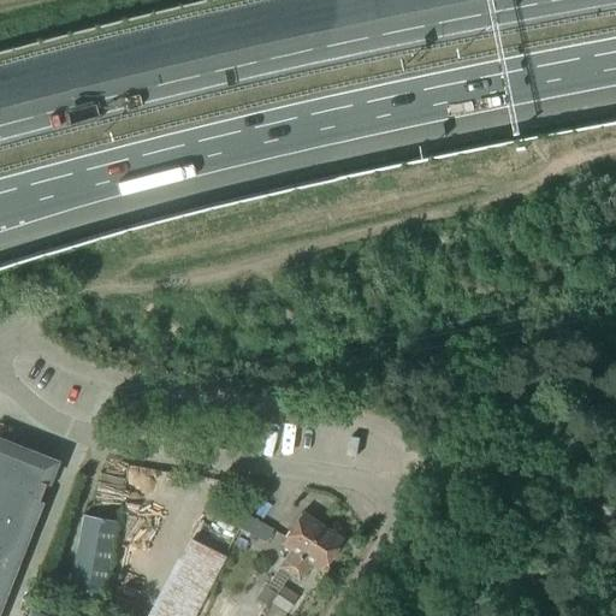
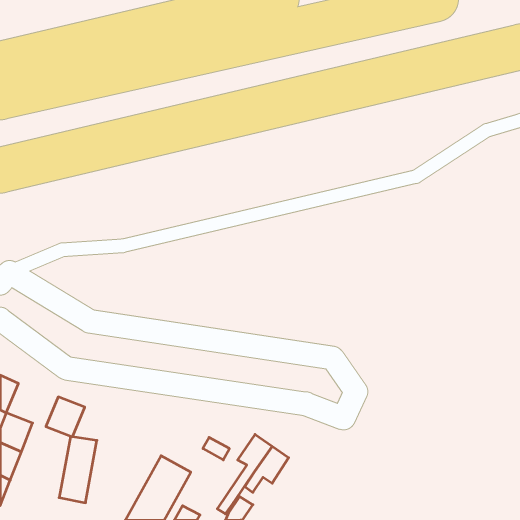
building: [8,452,54,499] -> [46,397,85,437]

